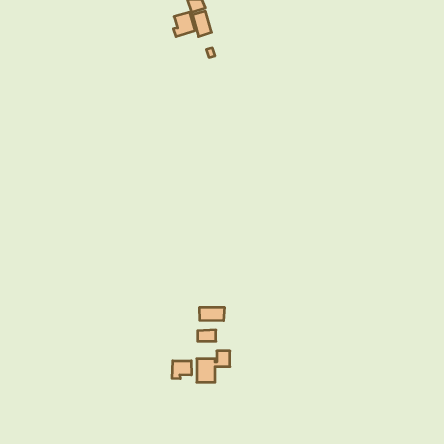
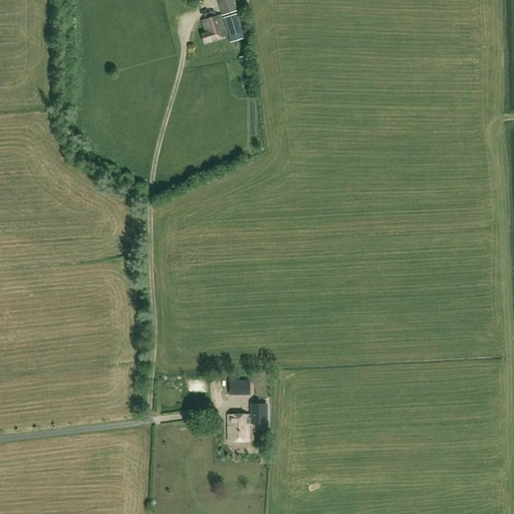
building: [200,307,224,321] -> none
building: [172,361,191,379] -> none

